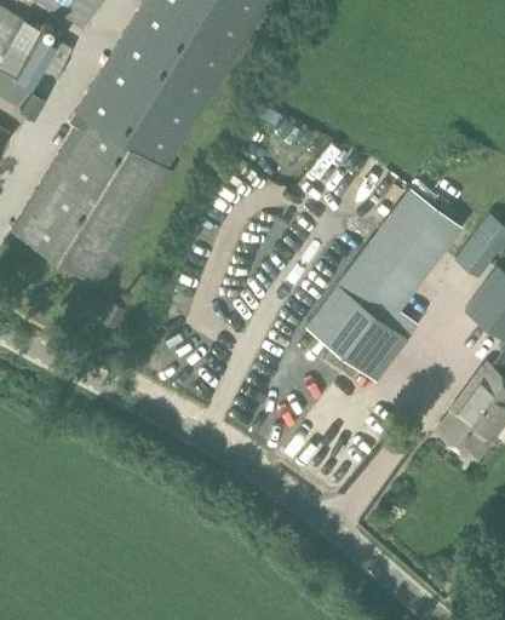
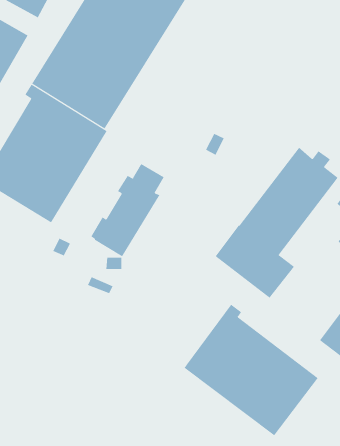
building: none -> [90,163,165,257]
building: none -> [184,304,319,436]

